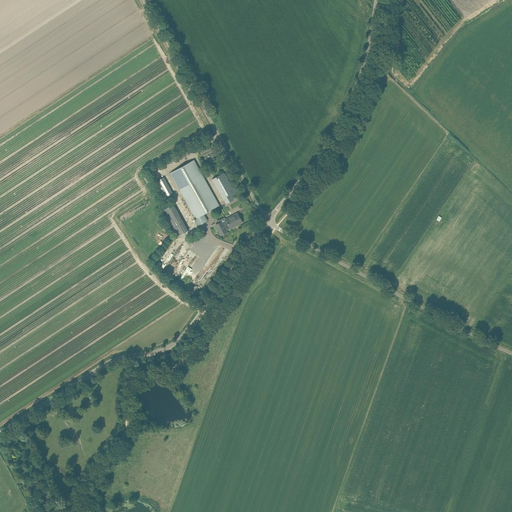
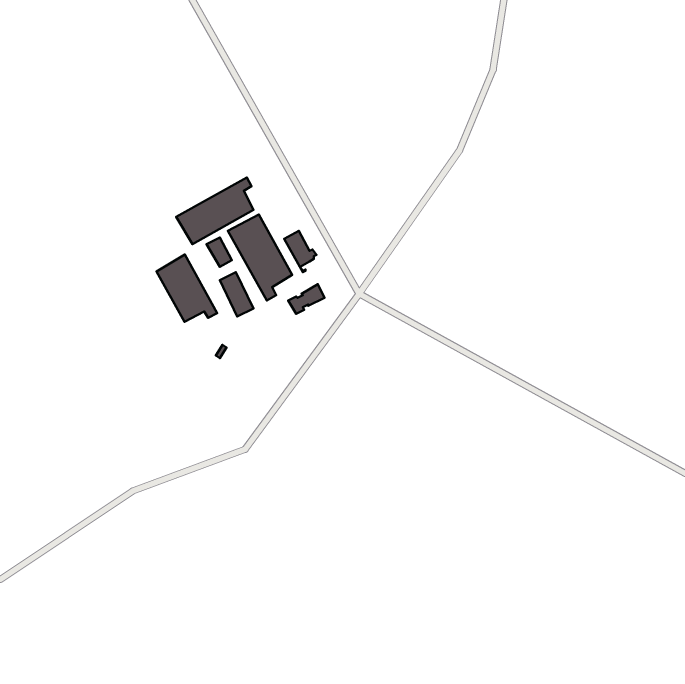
building: none -> [176,177,254,244]
building: none -> [156,255,217,322]

